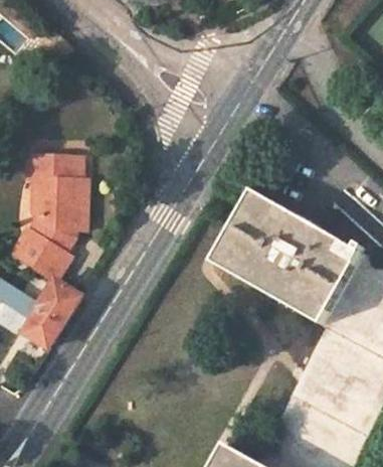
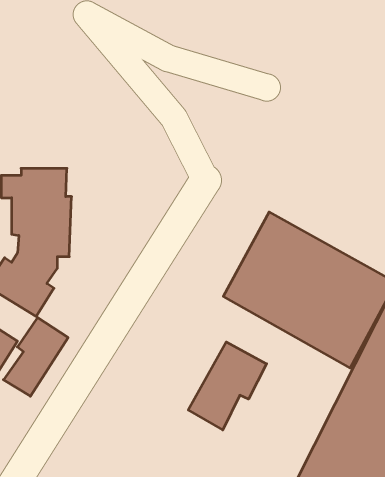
building: none -> [188,342,267,430]

